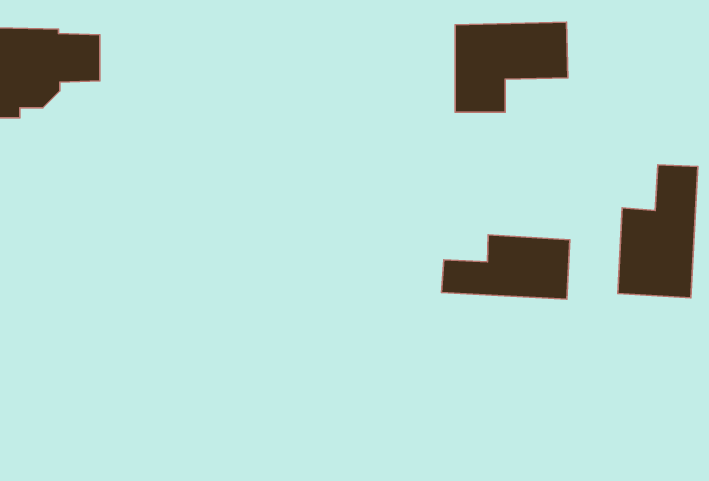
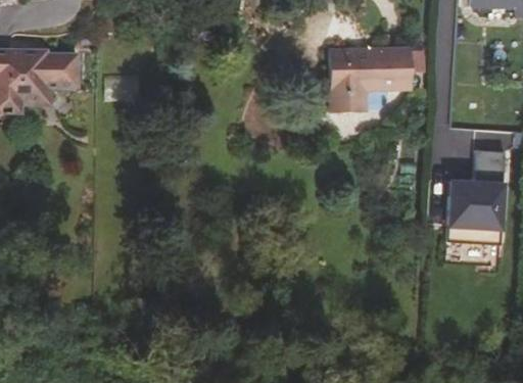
building: [441,235,570,299] -> none

